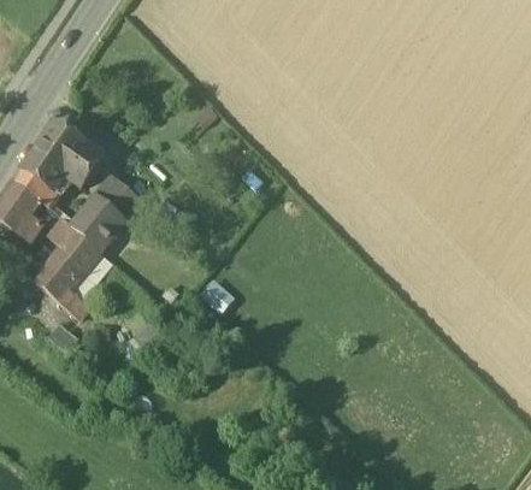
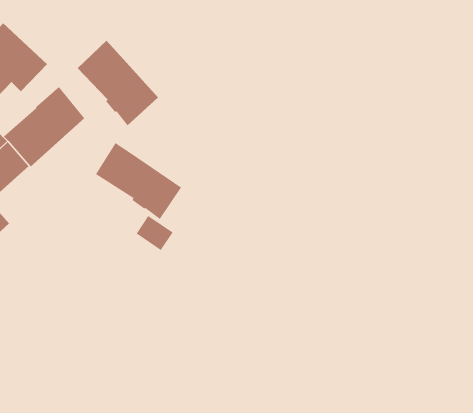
building: none -> [77,40,159,126]
building: none -> [95,142,182,220]

